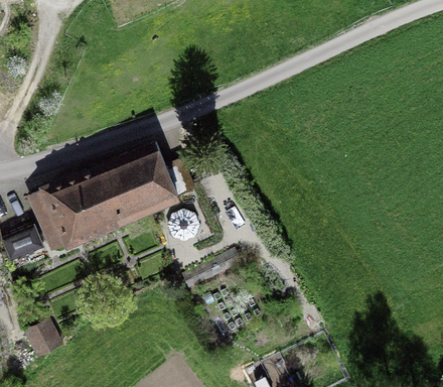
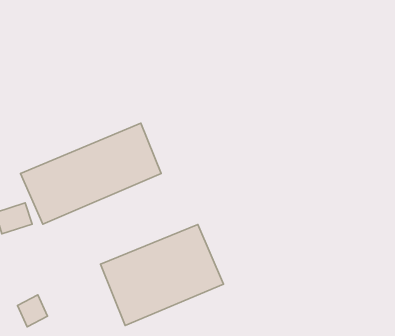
building: none -> [100,224,223,325]

